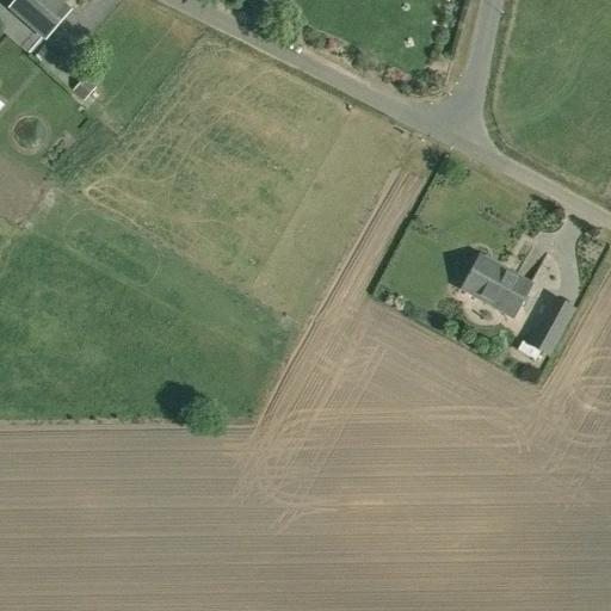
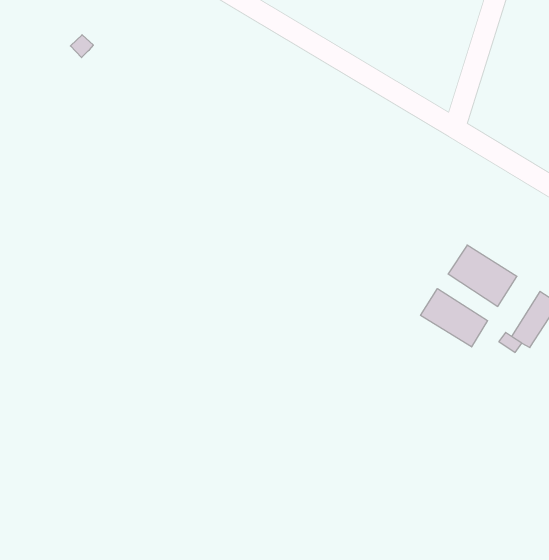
building: none -> [421,289,488,347]

